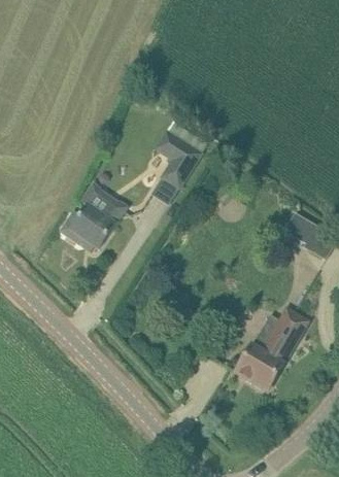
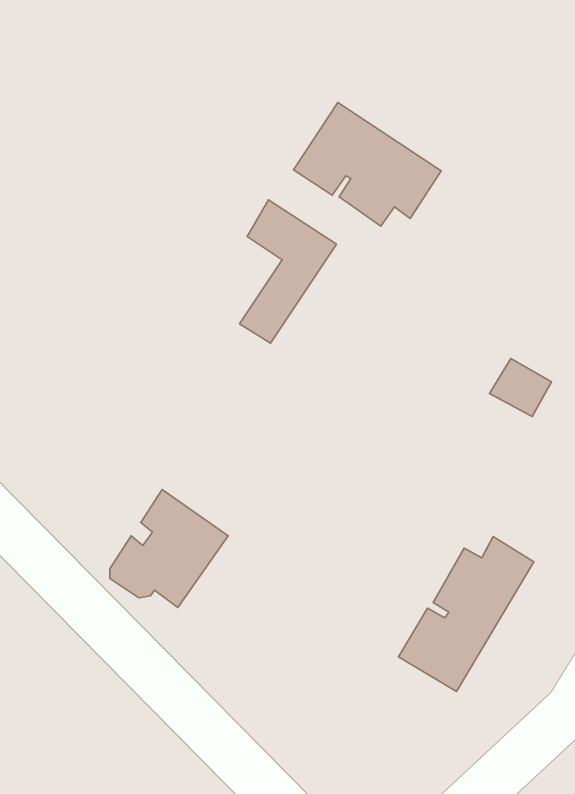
building: none -> [294,103,441,226]
building: [63,184,126,247] -> [110,489,228,608]

